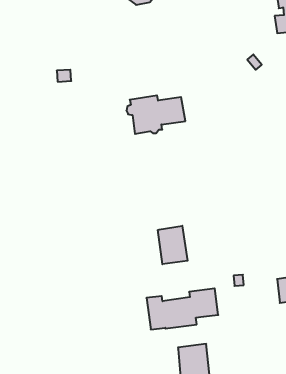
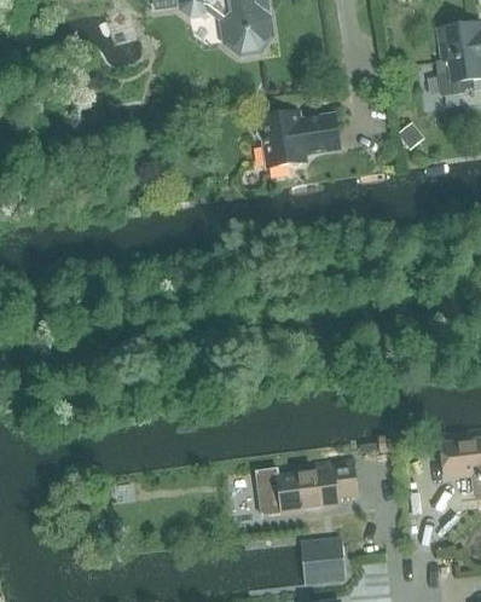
building: [126,95,185,134] -> [255,112,338,167]
building: [158,226,188,264] -> none

